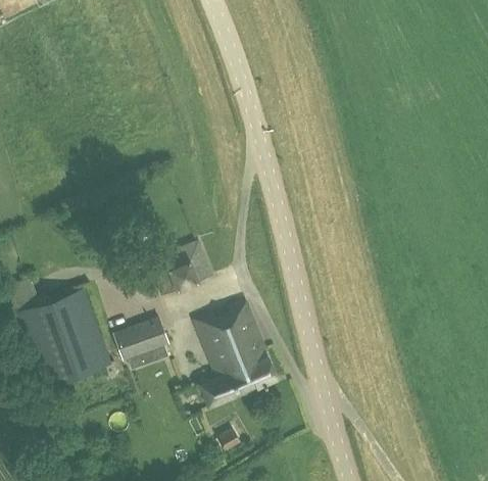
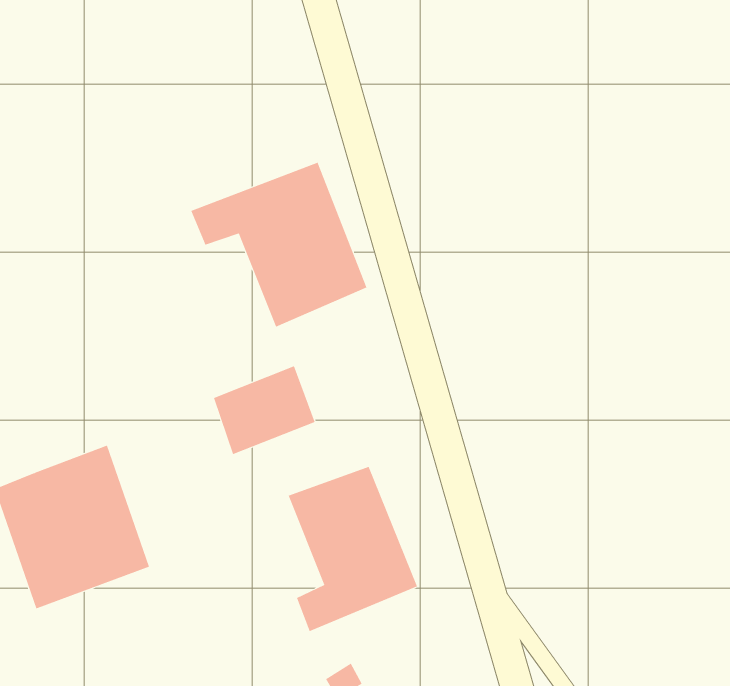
building: none -> [190,162,367,327]
building: [114,318,170,362] -> none

